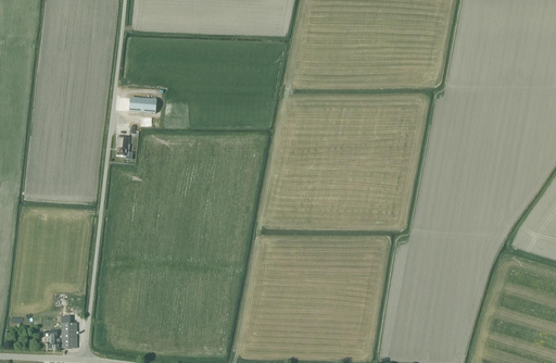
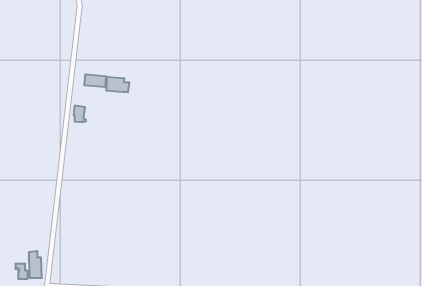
building: none -> [106,77,129,92]

